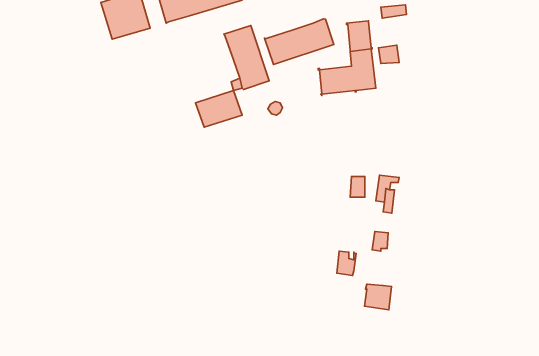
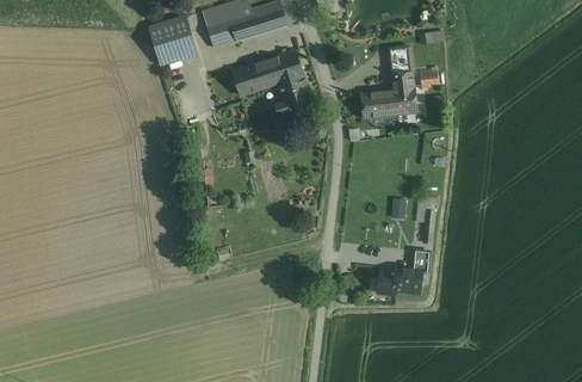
building: [264,19,334,65] -> none
building: [196,91,242,127] -> [231,60,277,96]
building: [364,284,391,310] -> [394,267,420,292]

